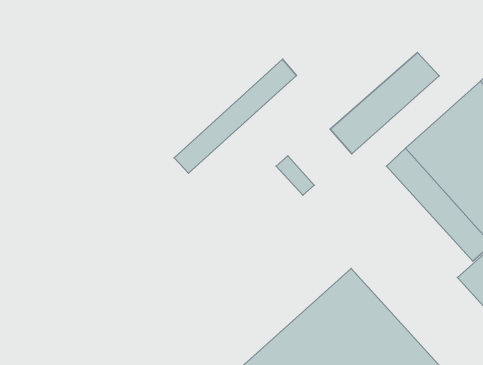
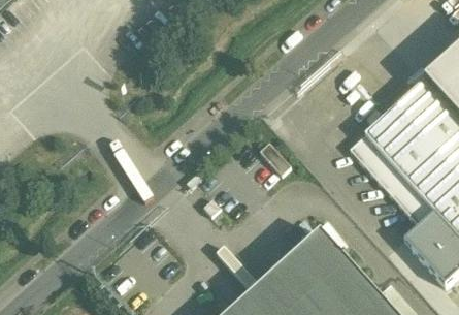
building: [330,52,439,154] -> none
building: [174,59,297,173] -> none

